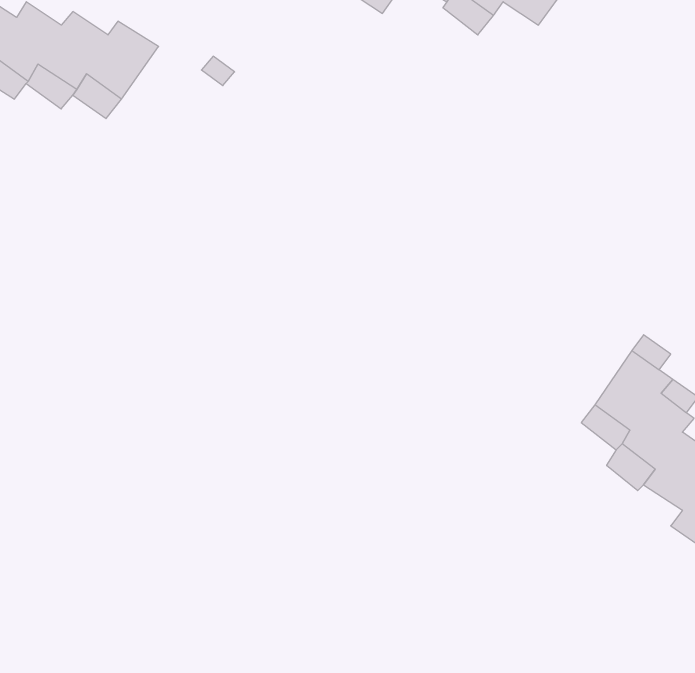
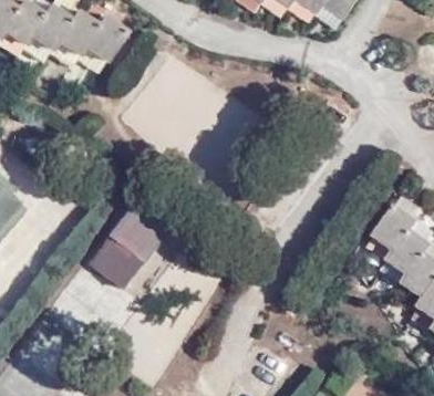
building: none -> [89,204,164,284]

